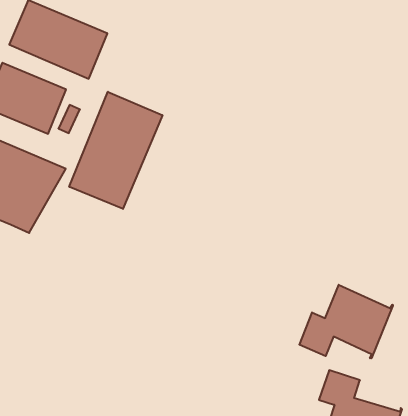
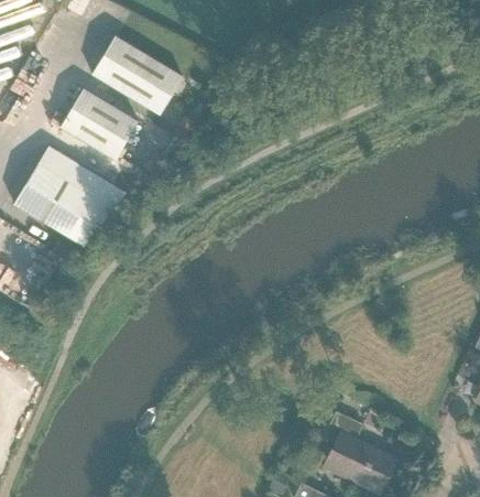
building: [69,92,162,209] -> none
building: [299,285,393,358] -> none

